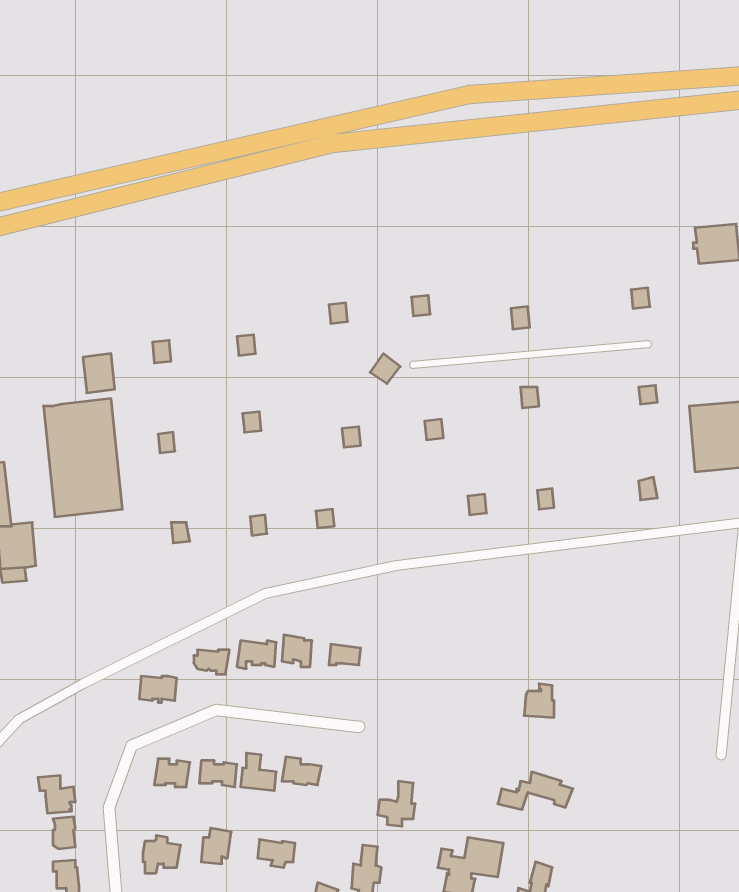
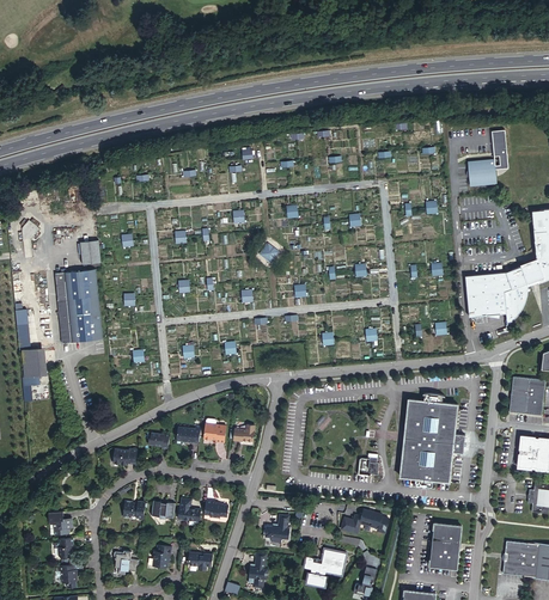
building: none -> [398,393,464,488]
building: none -> [428,524,462,570]

